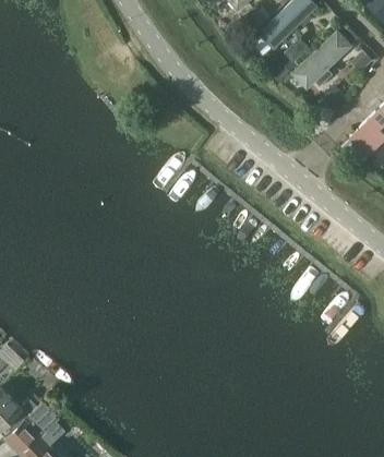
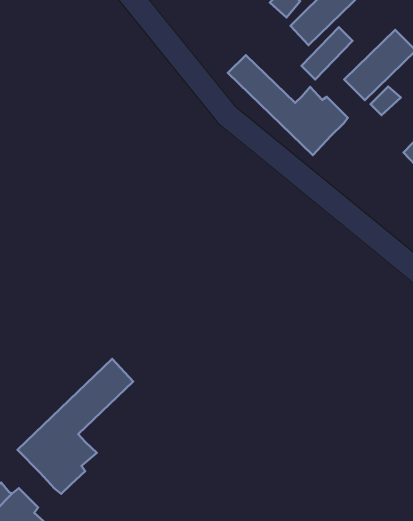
building: none -> [228,55,348,155]
building: none -> [17,359,133,494]

